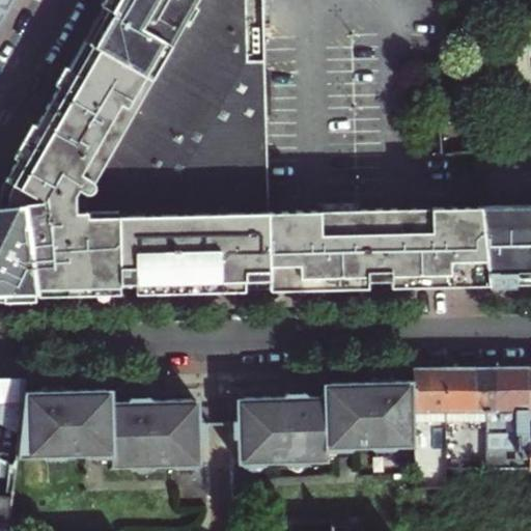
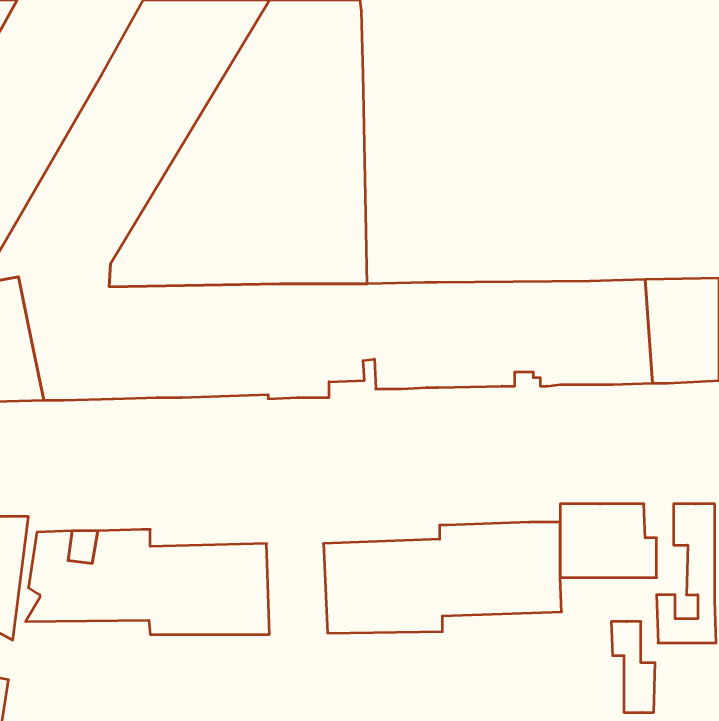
building: [471,371,503,438] -> [611,622,655,712]

